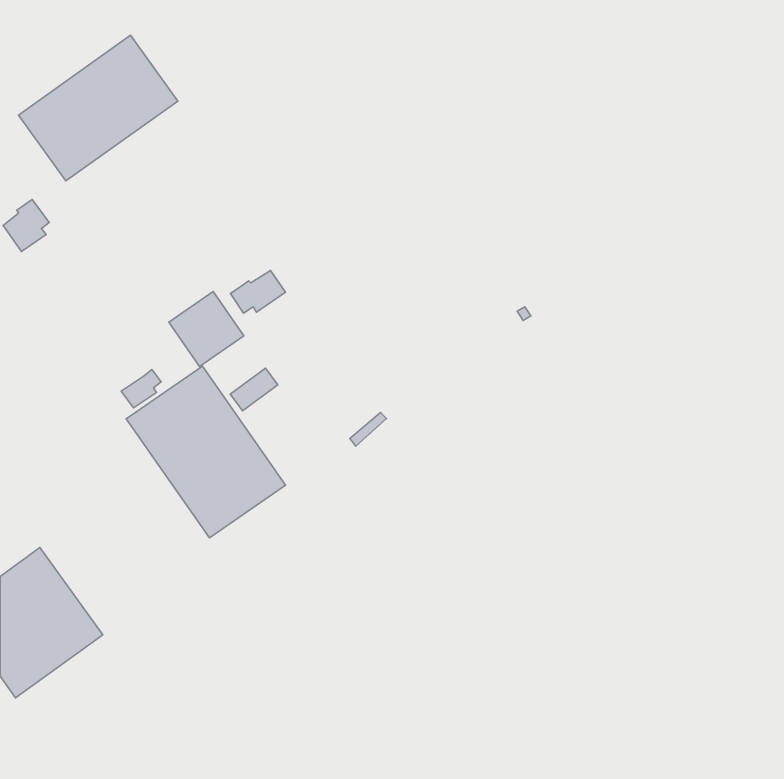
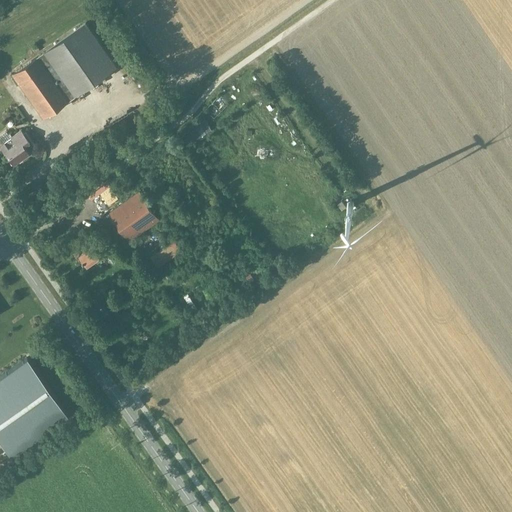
building: [231,270,285,313] -> none
building: [126,366,286,538] -> none

